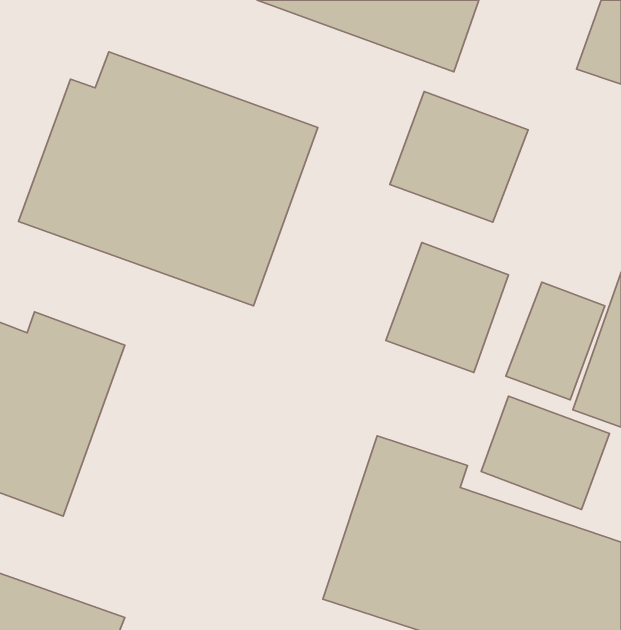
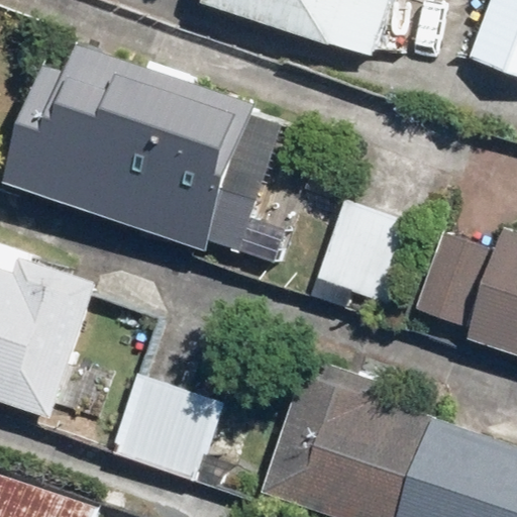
building: [390,91,528,222] -> none
building: [481,396,609,509] -> none
building: none -> [109,375,222,483]

